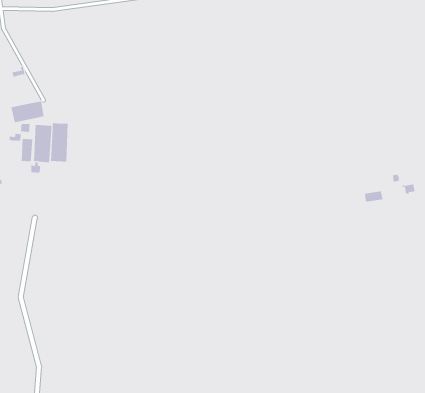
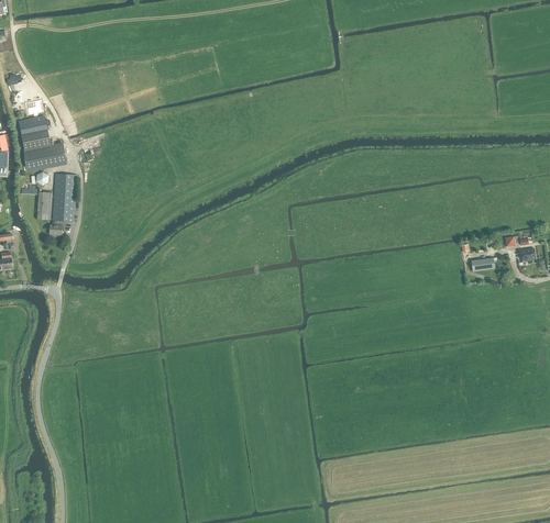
building: none -> [16,114,50,151]
building: [50,122,68,162] -> none

